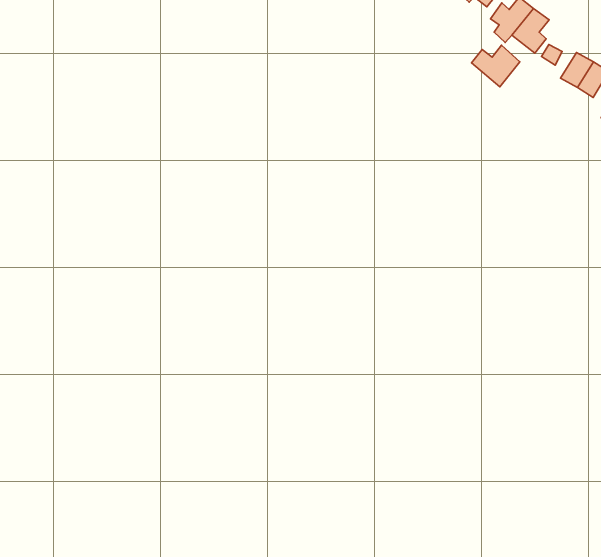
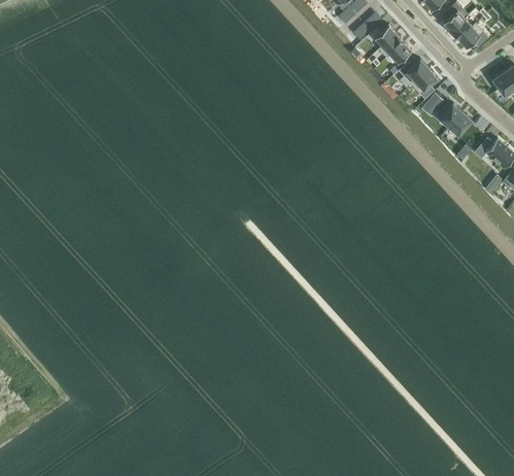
building: [471,45,520,87] -> none

